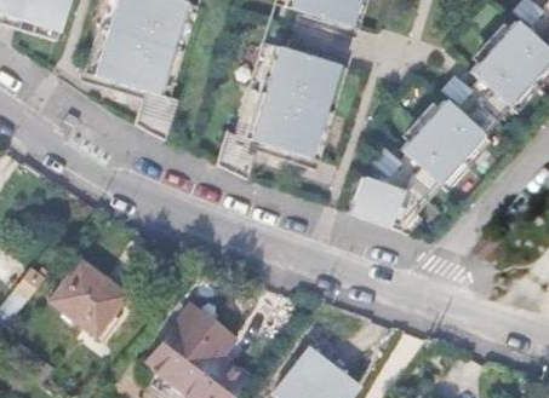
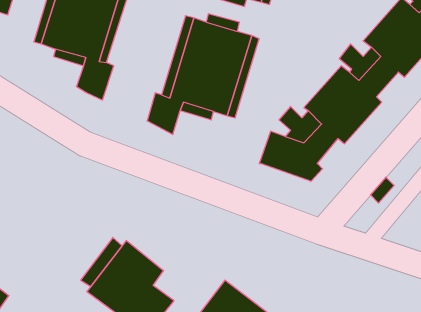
building: [52,258,128,339] -> none

